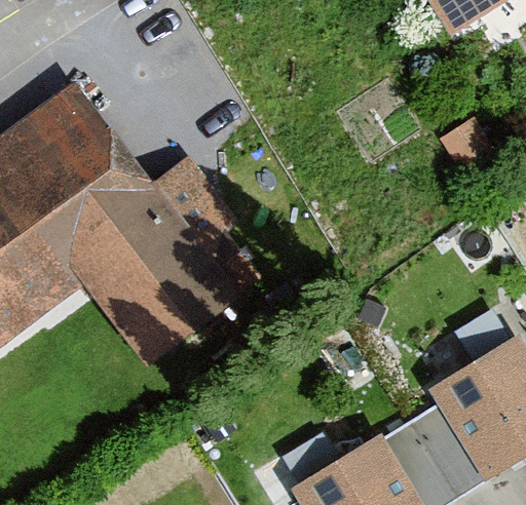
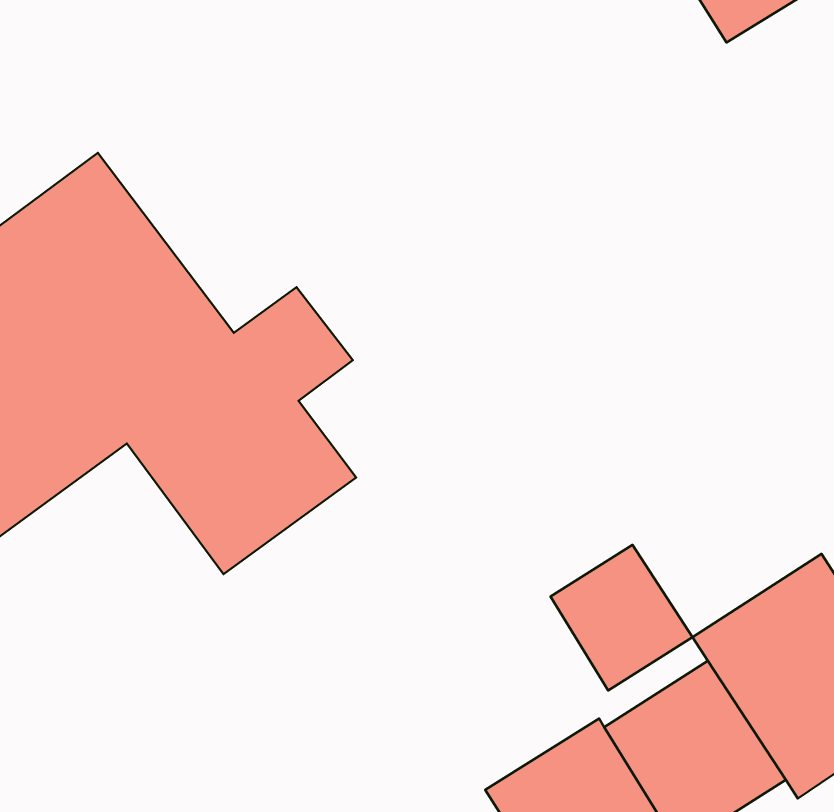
building: none -> [551,545,692,691]

